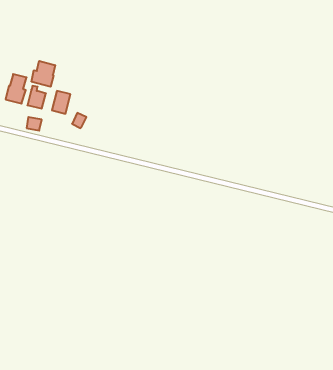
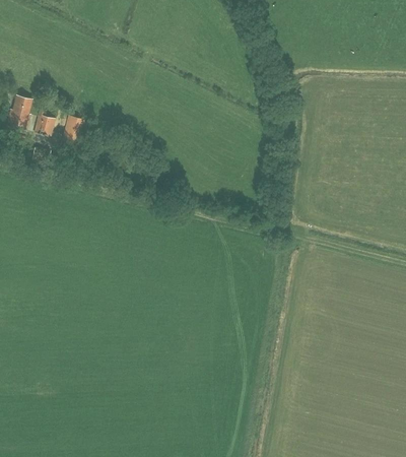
building: [32,61,55,87] -> none

